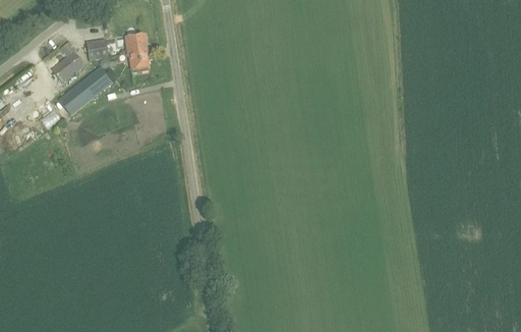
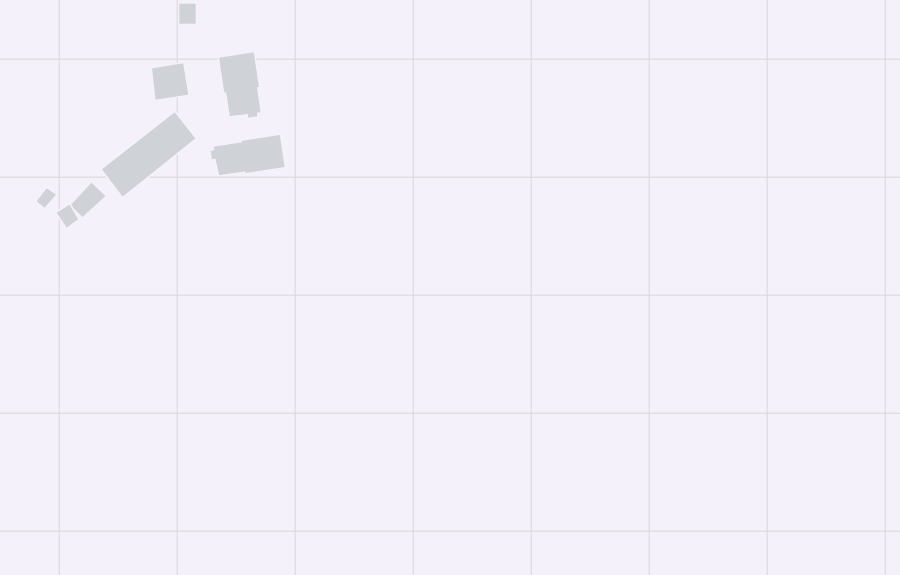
building: [51,51,83,82] -> none
building: none -> [210,134,285,176]

